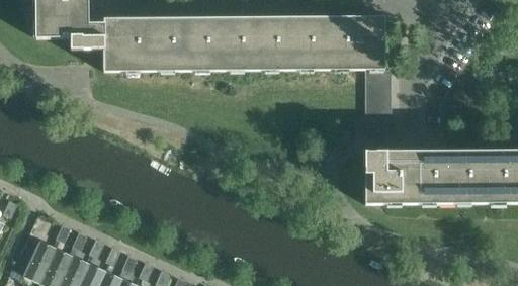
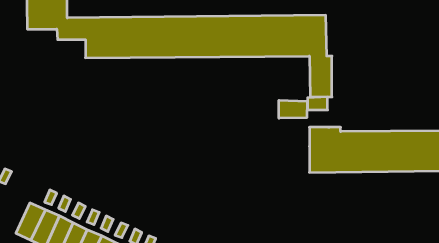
building: none -> [279,100,307,118]

